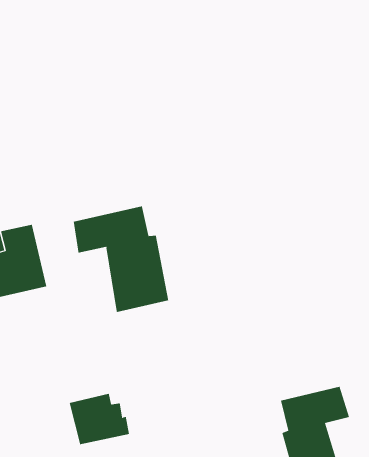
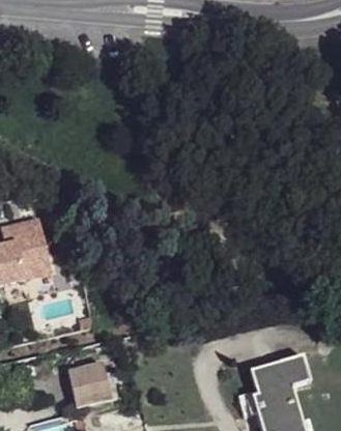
building: [73,205,169,313] -> none

